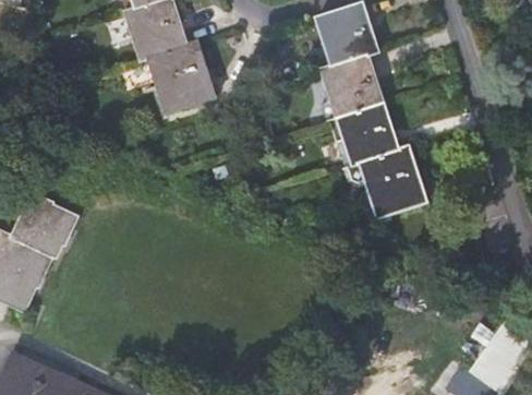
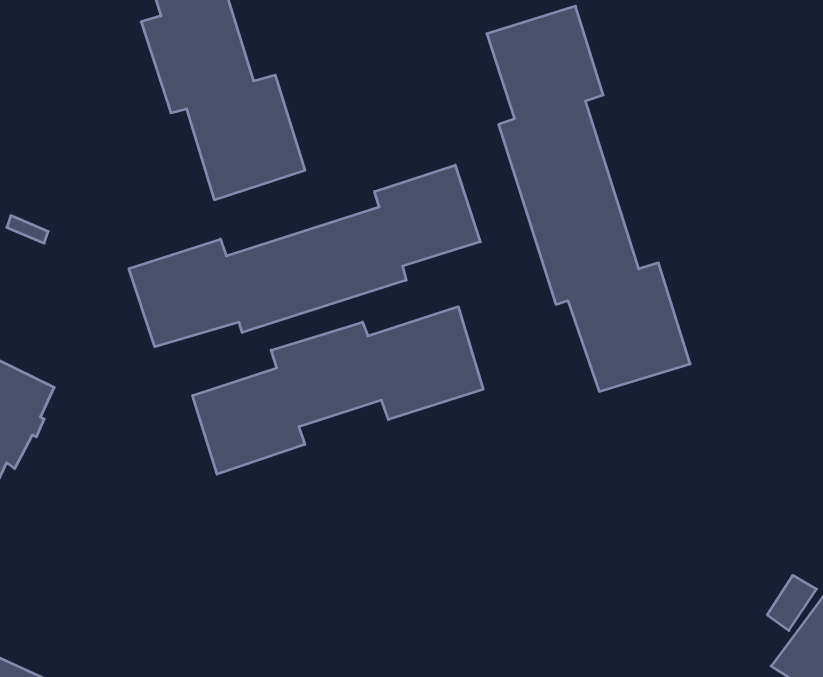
building: none -> [129,165,480,347]
building: none -> [193,307,483,474]

